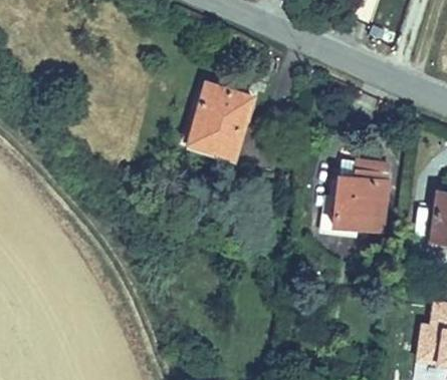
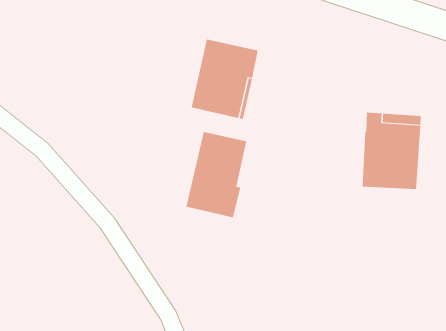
building: none -> [186,131,247,218]

